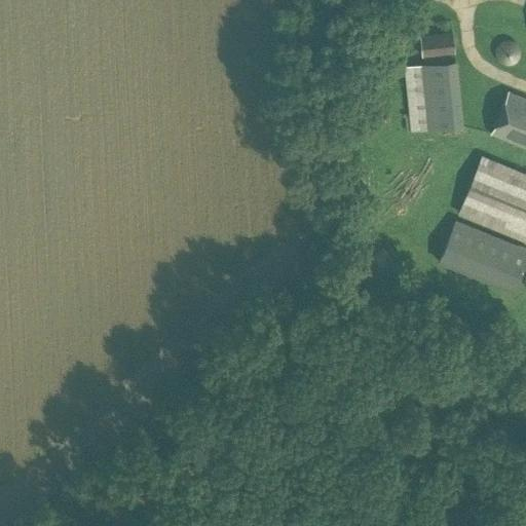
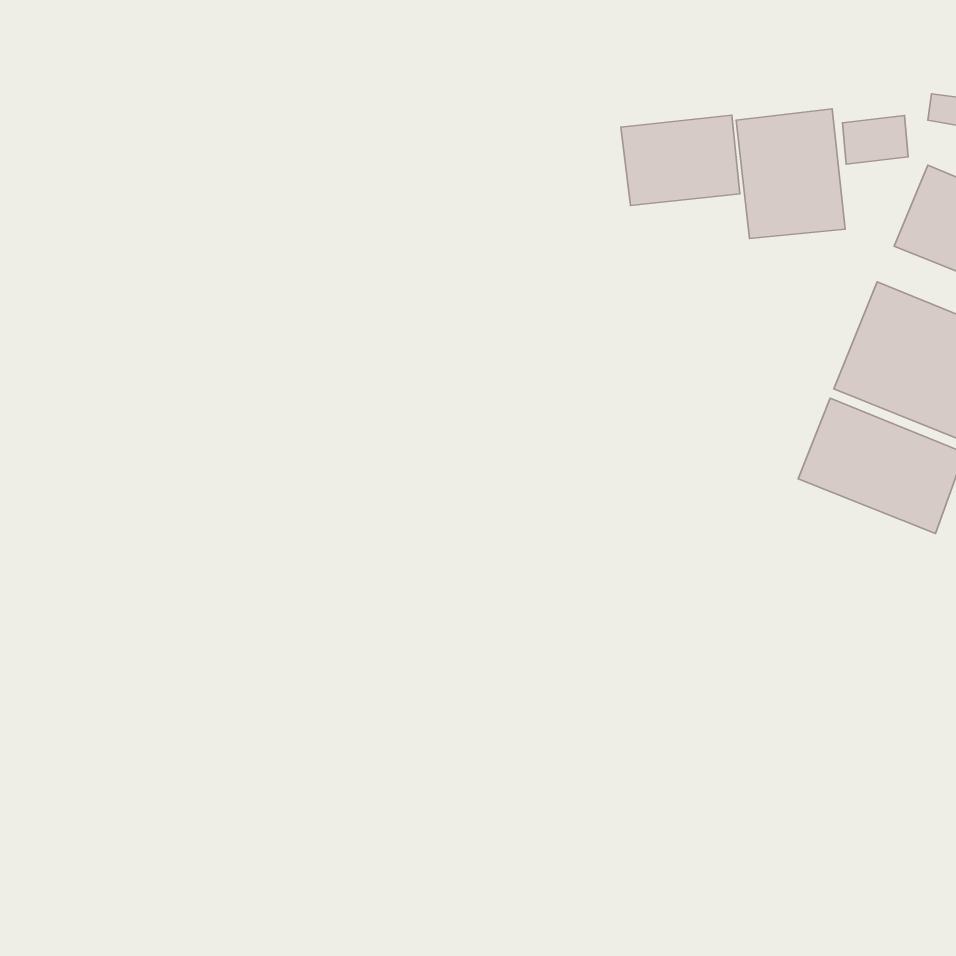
building: [420,32,456,59] -> [842,115,908,164]
building: none -> [621,115,740,206]

